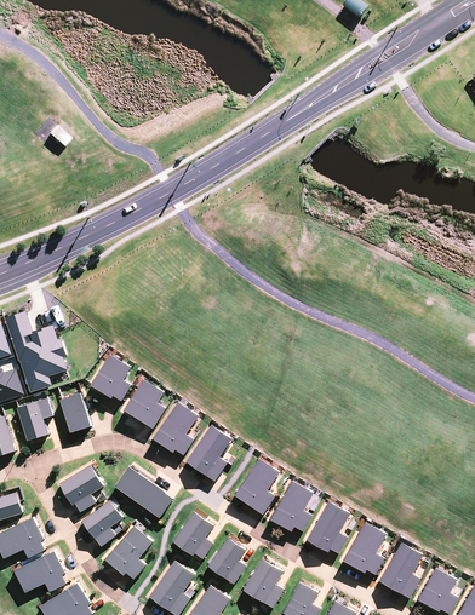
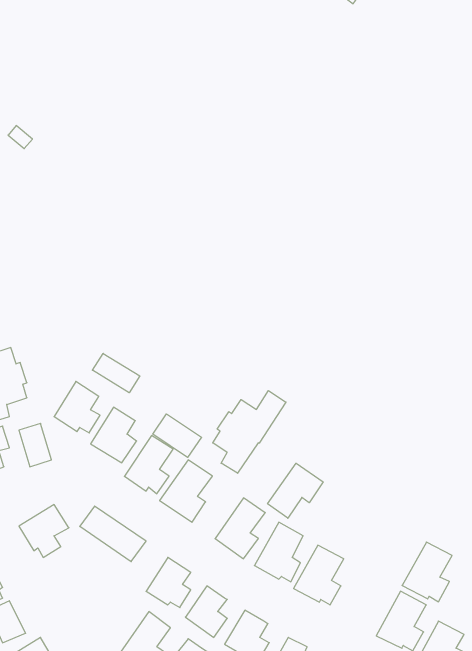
building: none -> [92,353,140,393]
building: none -> [213,391,286,473]
building: none -> [153,414,202,457]
building: none -> [268,463,323,518]
building: [82,500,122,546] -> none
building: [342,522,387,575] -> [402,542,452,602]
building: [104,524,153,579] -> none

